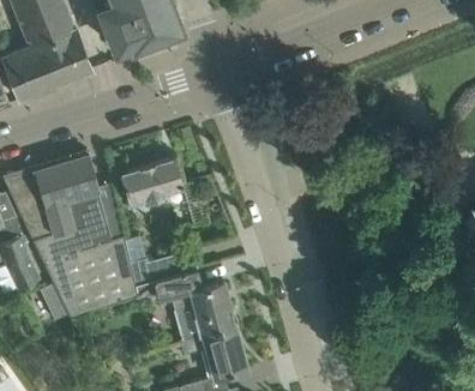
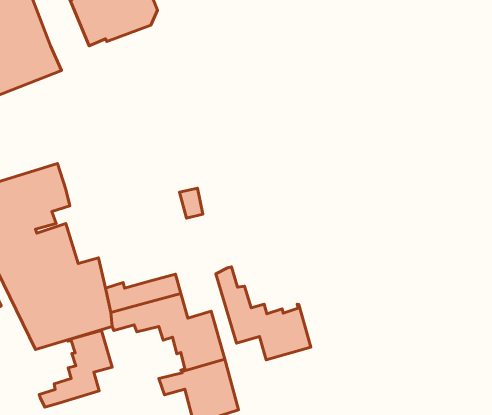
building: [120,161,184,211] -> none
building: none -> [216,267,311,360]
building: none -> [39,330,112,407]

